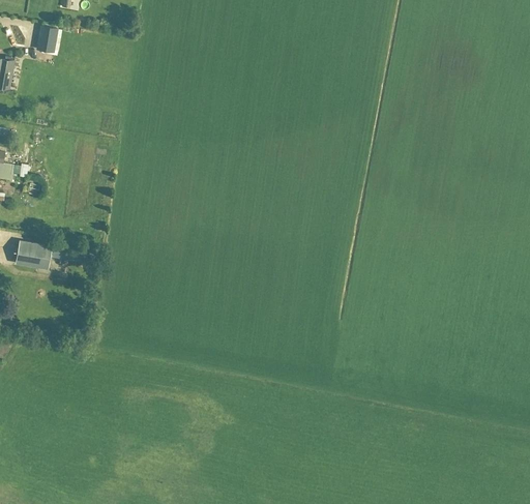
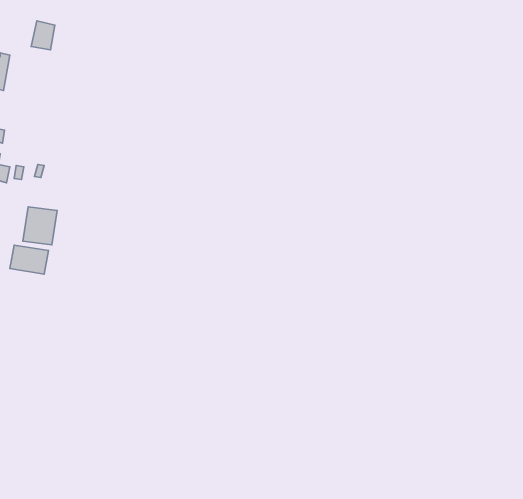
building: none -> [23,207,57,245]

